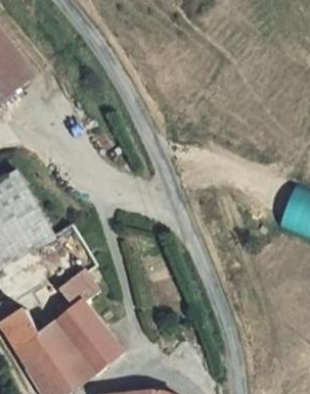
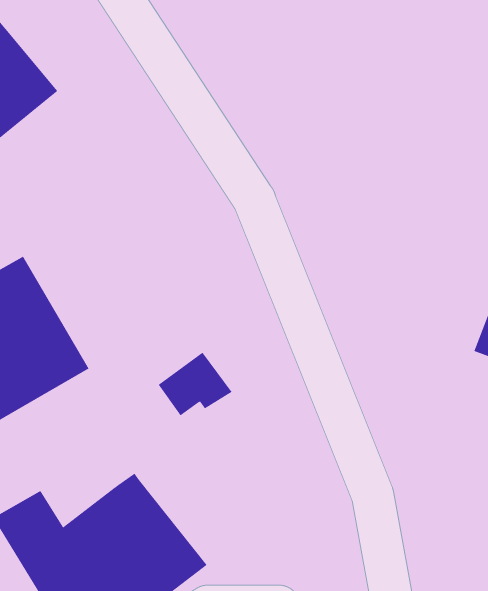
building: [55,268,99,306] -> [158,352,232,416]

